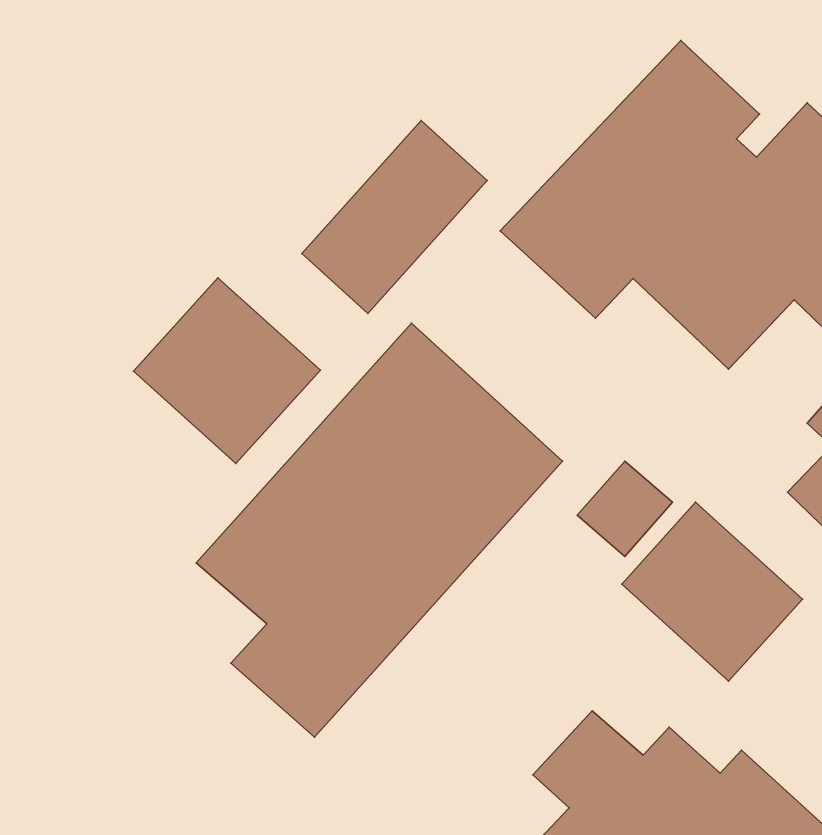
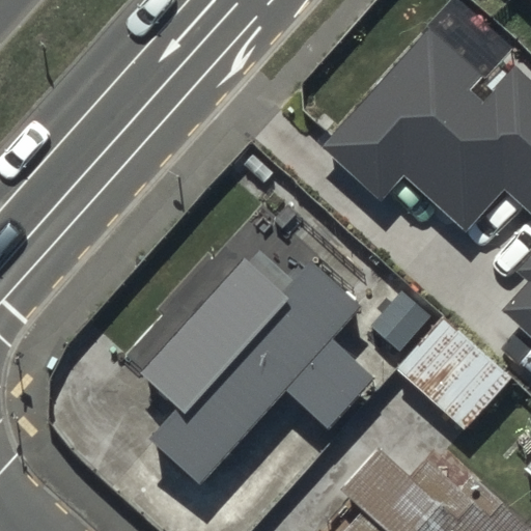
building: [302,121,487,314] -> none
building: [133,278,320,463] -> none

